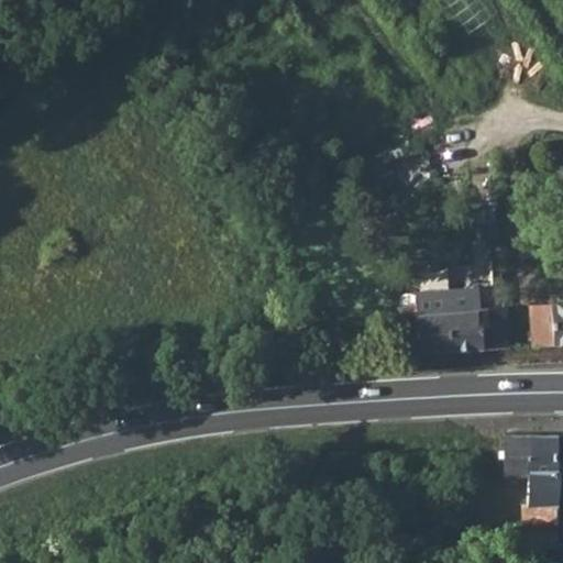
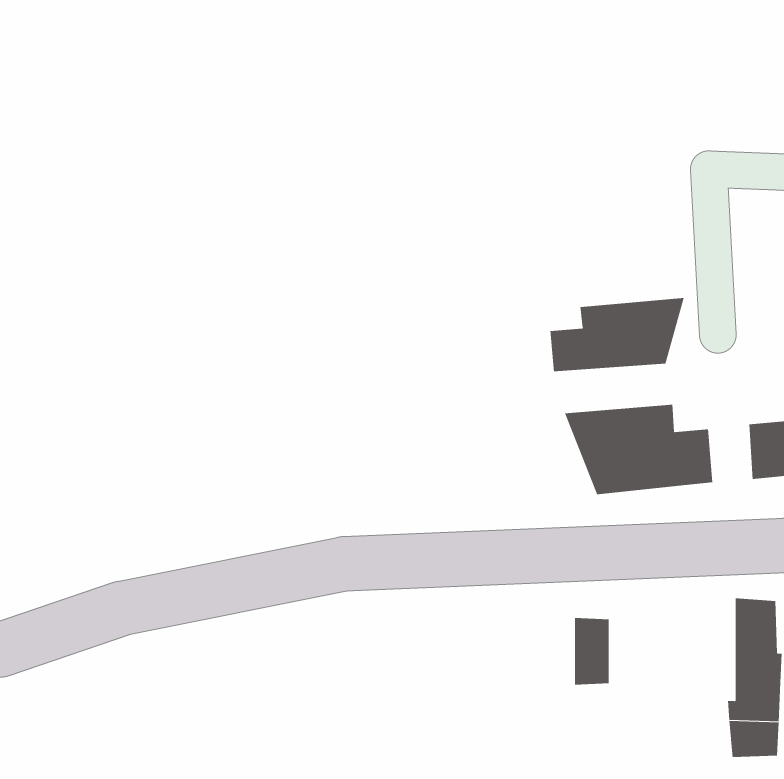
building: none -> [550,297,685,372]
building: [501,427,527,475] -> [574,618,610,685]

